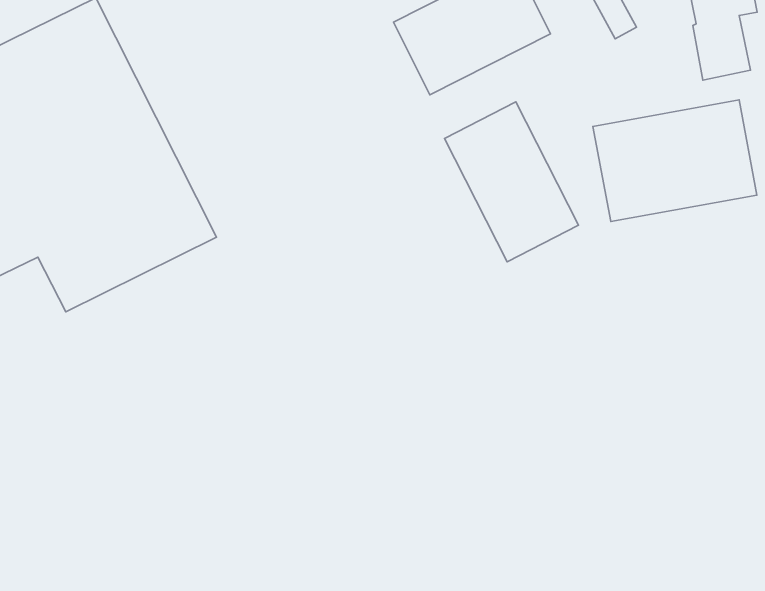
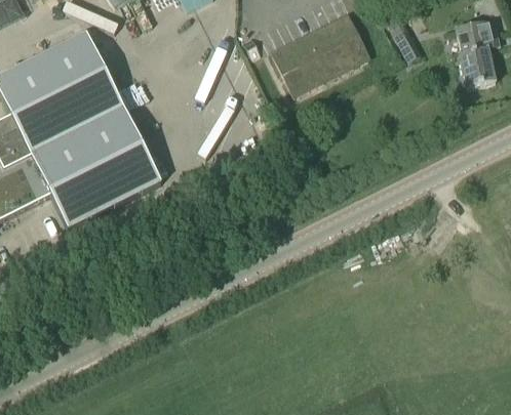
building: [593,100,757,222] -> none
building: [445,102,578,262] -> none

